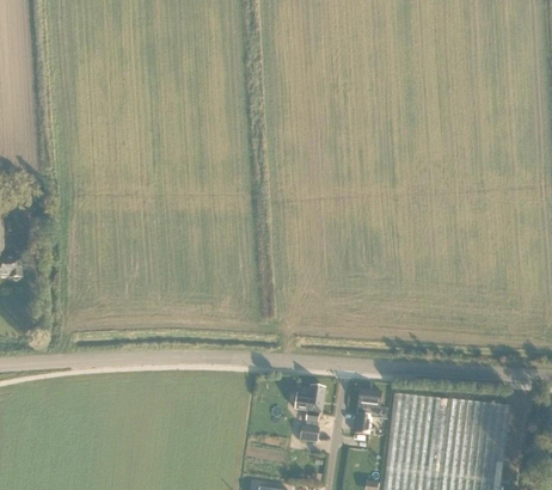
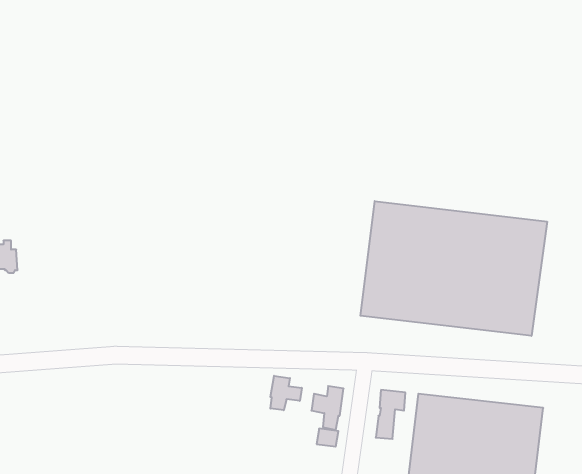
building: none -> [360,201,547,336]
building: none -> [270,376,302,410]

